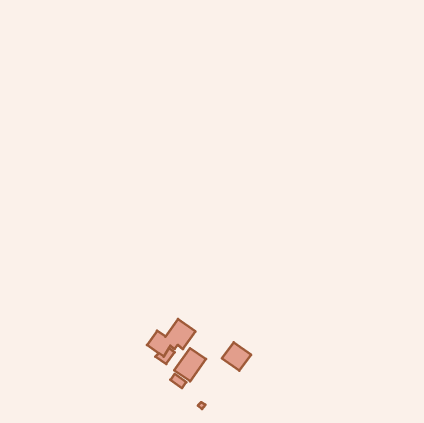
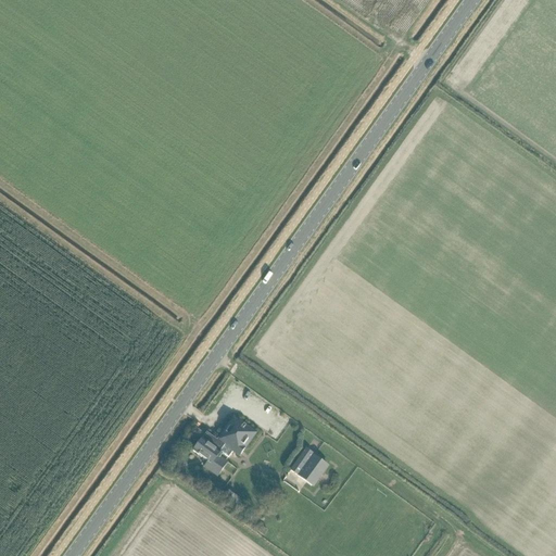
building: [174,348,206,381] -> none

